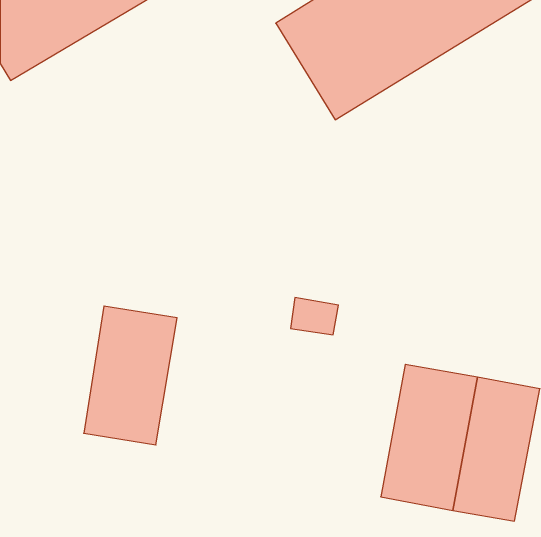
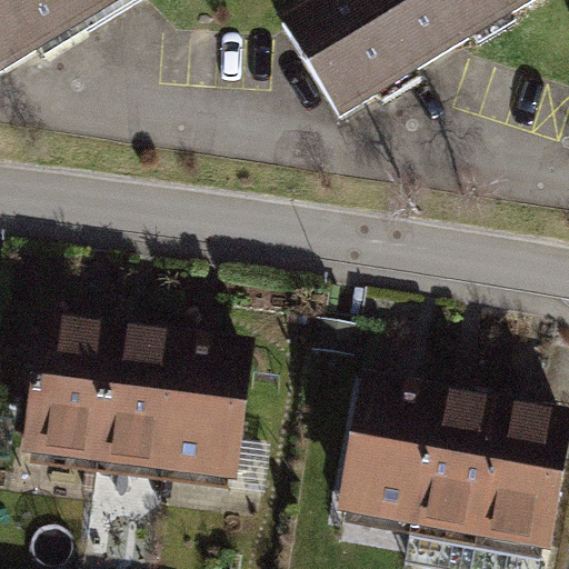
building: none -> [22,311,110,455]
building: none -> [164,333,247,477]
building: none -> [330,370,426,521]

